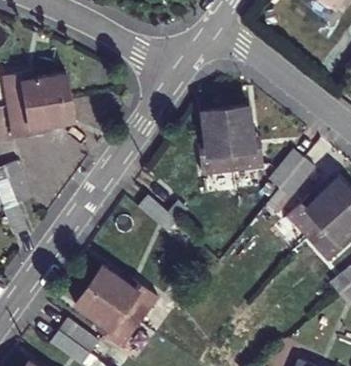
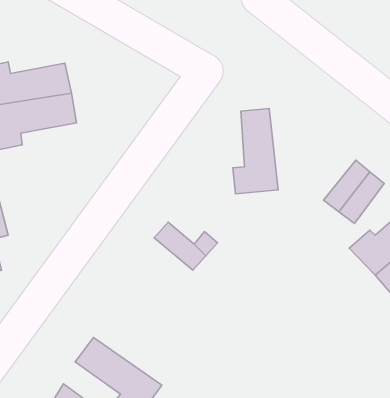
building: [225,104,264,170] -> none
building: [89,265,159,321] -> none

